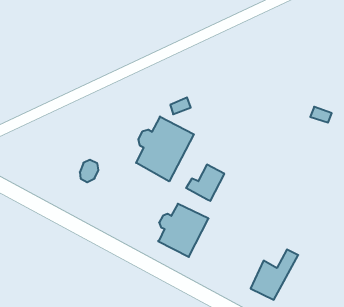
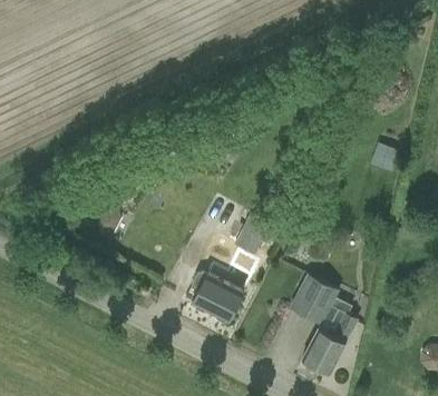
building: [136,116,194,181] -> none
building: none -> [290,275,339,325]

